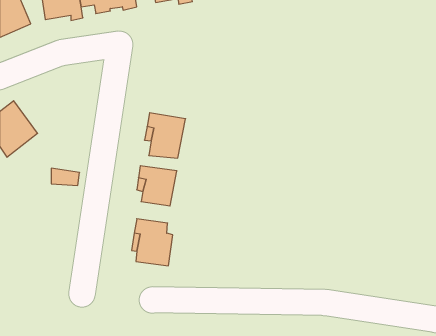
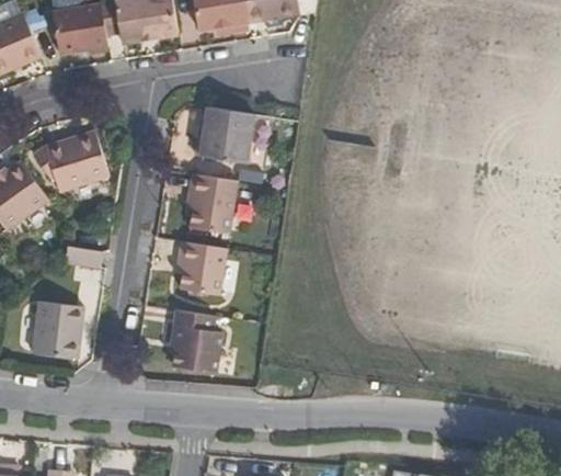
building: none -> [196,107,256,165]
building: none -> [47,132,108,192]
building: none -> [32,298,85,356]

